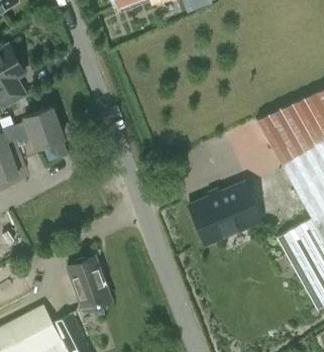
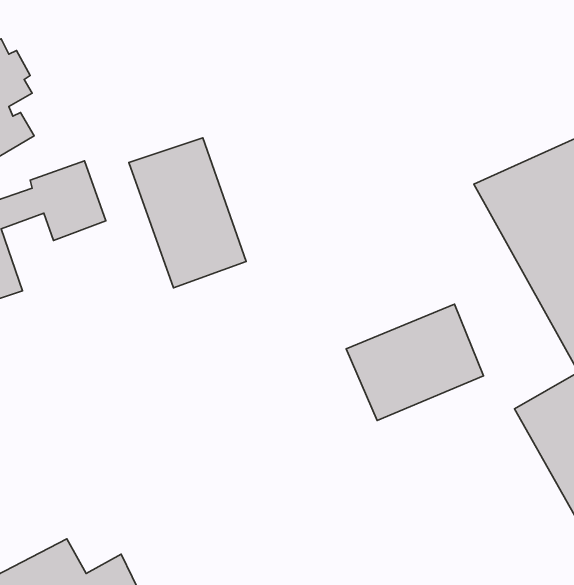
building: none -> [129,138,246,288]
building: [68,257,111,310] -> none

